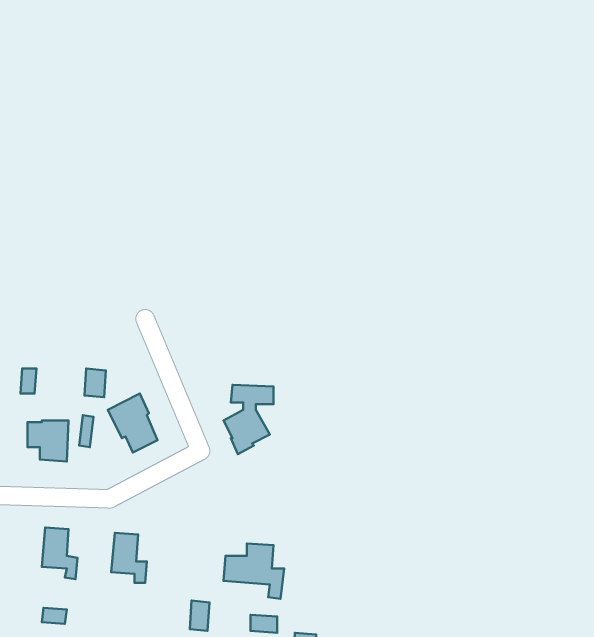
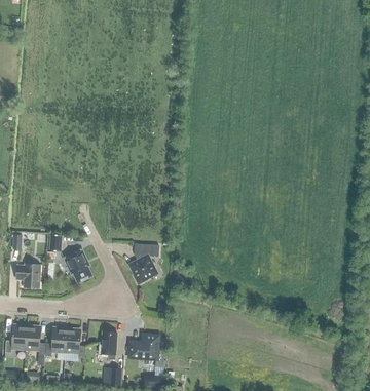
building: none -> [5,324,27,352]
building: none -> [44,327,67,355]
building: none -> [99,331,117,359]

